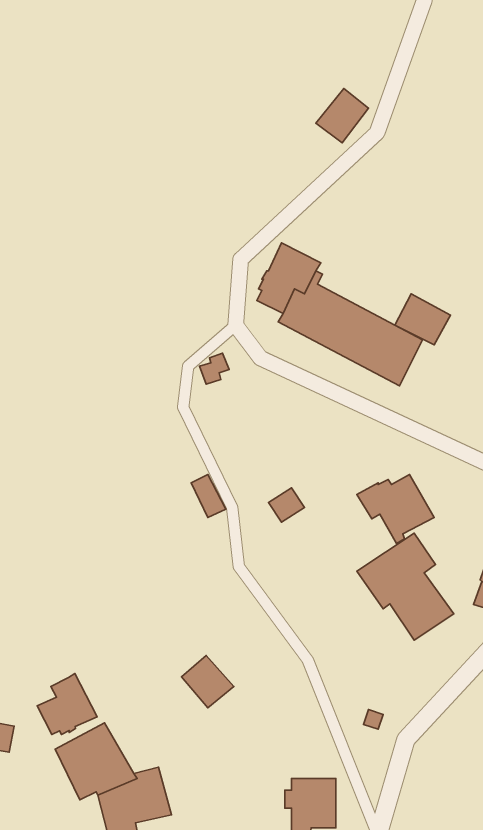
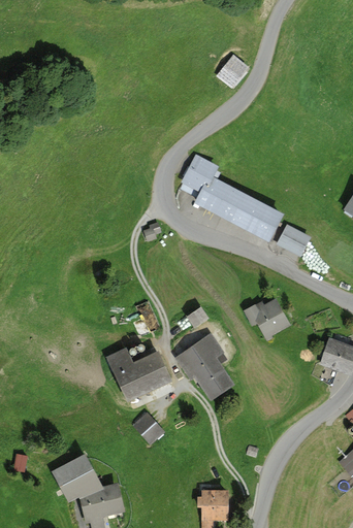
building: [395,294,451,345] -> [277,224,312,256]
building: [357,533,454,640] -> [174,333,235,400]
building: none -> [106,346,173,402]
building: [37,674,97,735] -> none

